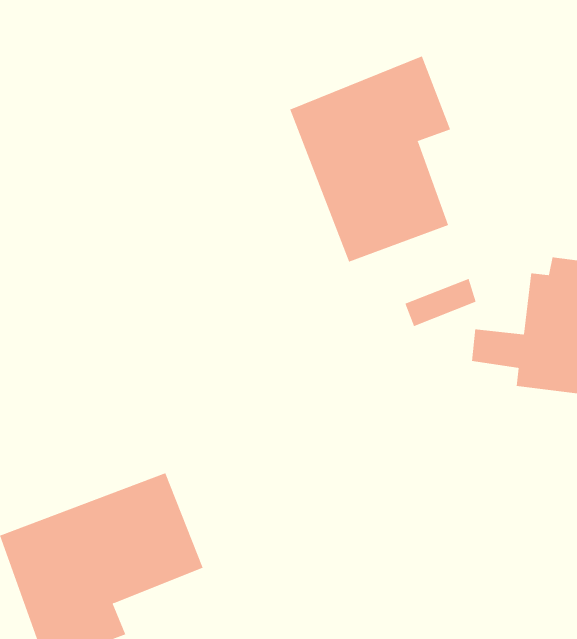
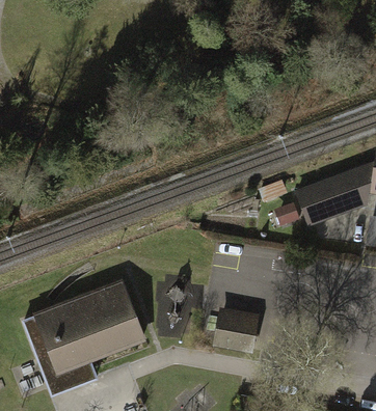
building: [289,56,451,263] -> none
building: none -> [214,311,254,354]

